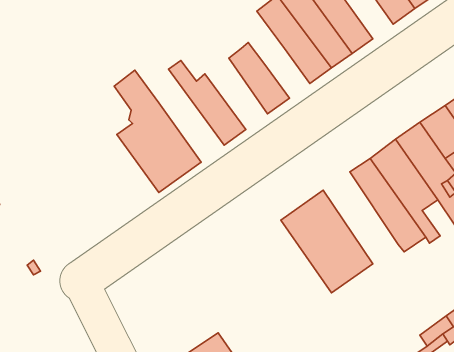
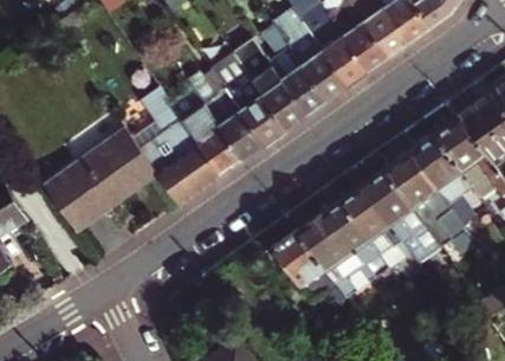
building: none -> [261,26,329,111]
building: none -> [212,51,287,142]
building: none -> [181,86,245,174]
building: none -> [45,127,156,228]
building: none -> [342,183,415,273]
building: none -> [274,231,350,307]

